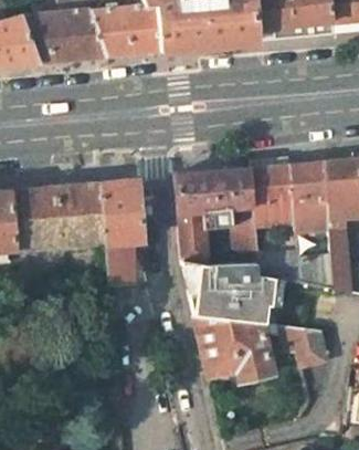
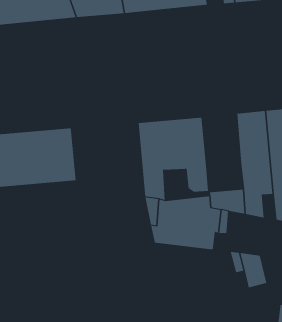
building: [251,166,295,227] -> none
building: [101,179,144,286] -> none
building: [196,315,273,381] -> none

